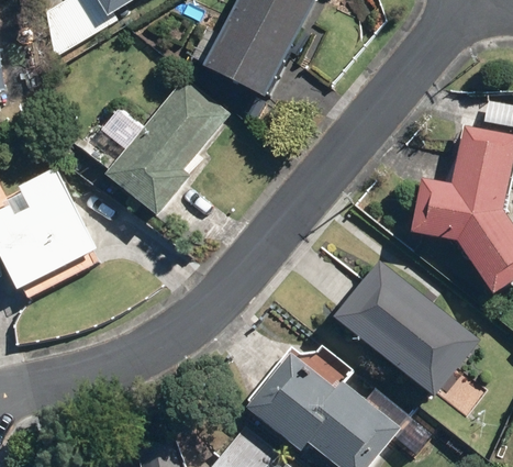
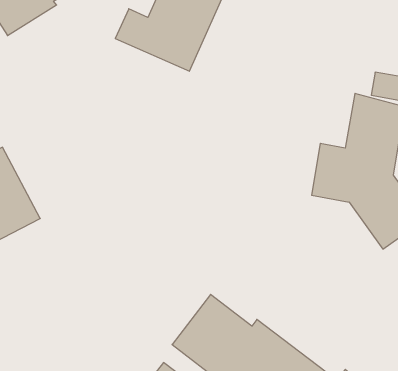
building: [97,76,227,214] -> none
building: [334,258,482,397] -> none

